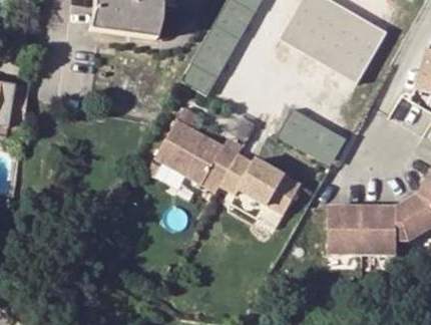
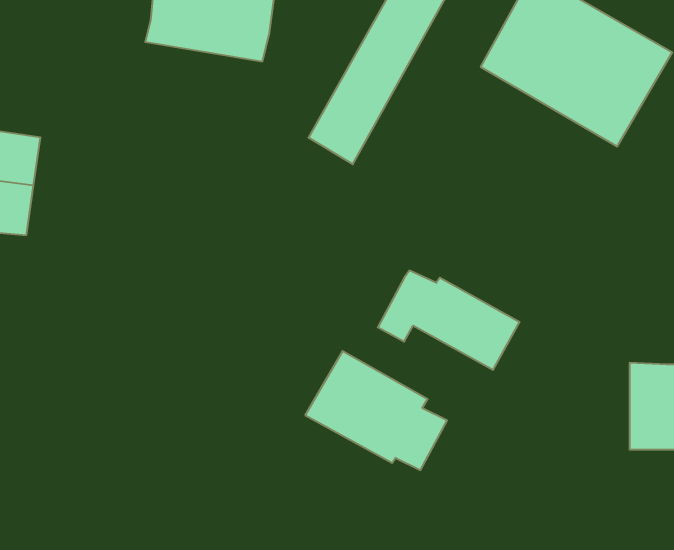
building: [279,108,342,160] -> none
building: [156,119,237,187] -> [305,351,447,470]
building: [330,207,364,256] -> none

